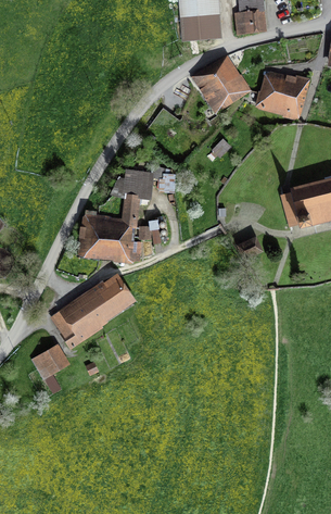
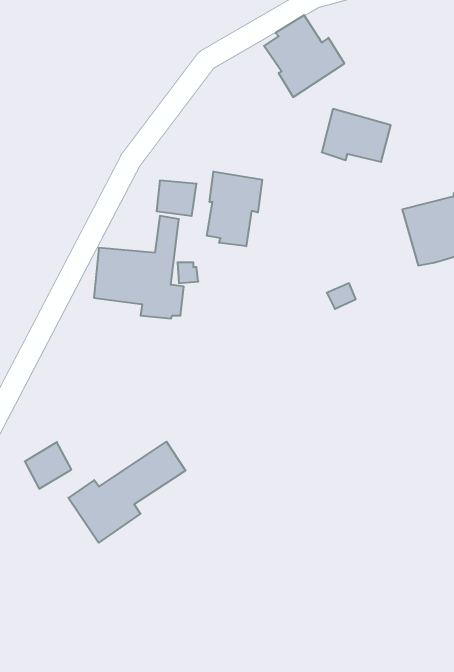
building: [260,76,307,112] -> [322,109,391,162]
building: none -> [207,171,262,246]
building: [51,279,130,348] -> [68,442,186,543]

